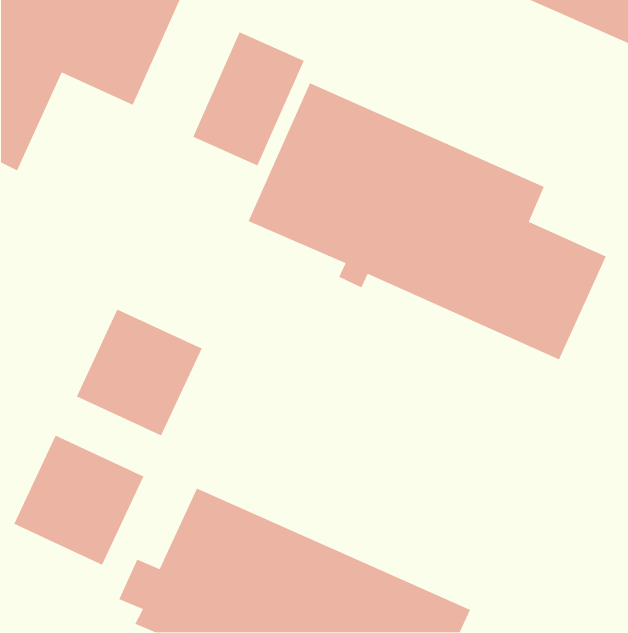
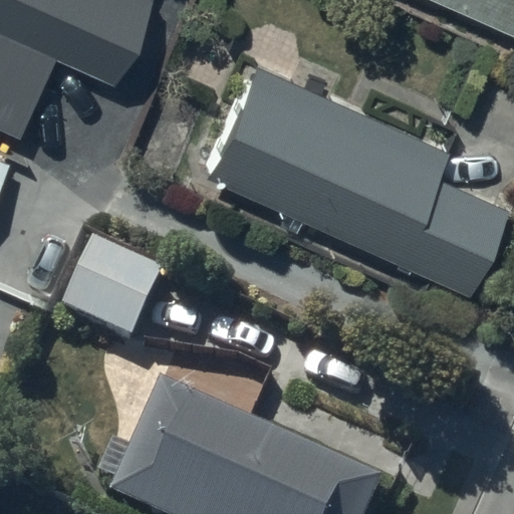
building: [192,31,305,166] -> none
building: [13,434,144,566] -> none

